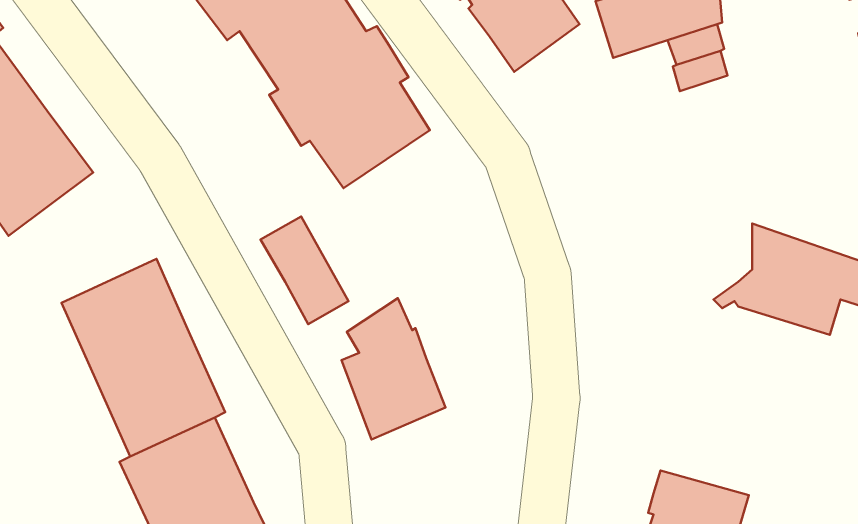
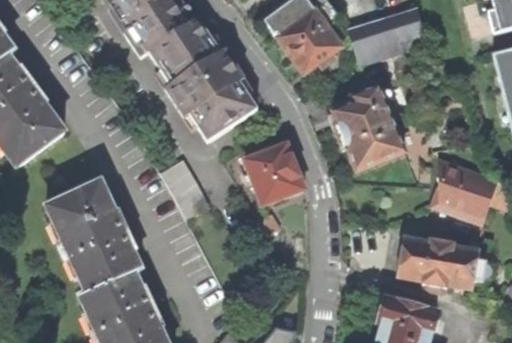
building: none -> [329,86,405,171]
building: [342,298,446,439] -> [245,123,304,203]
building: none -> [399,239,494,288]

